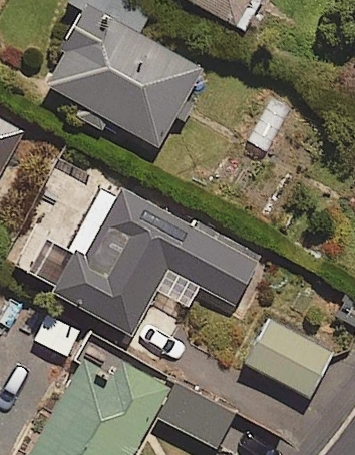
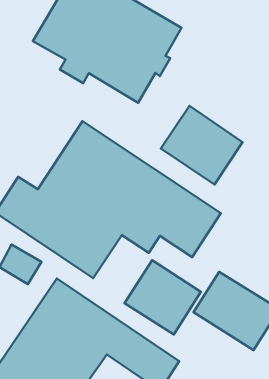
building: none -> [161,106,242,184]
building: none -> [125,260,201,334]

